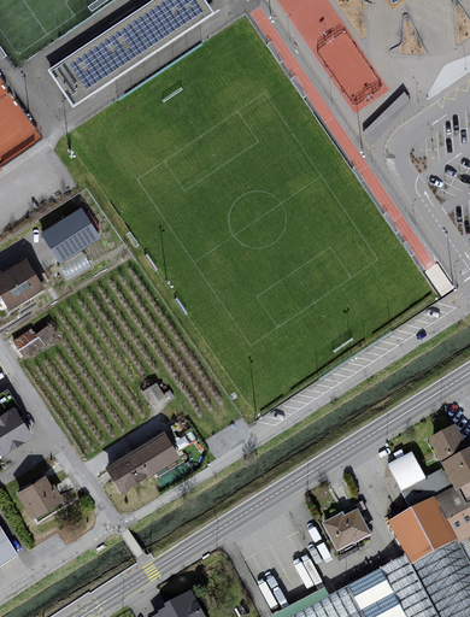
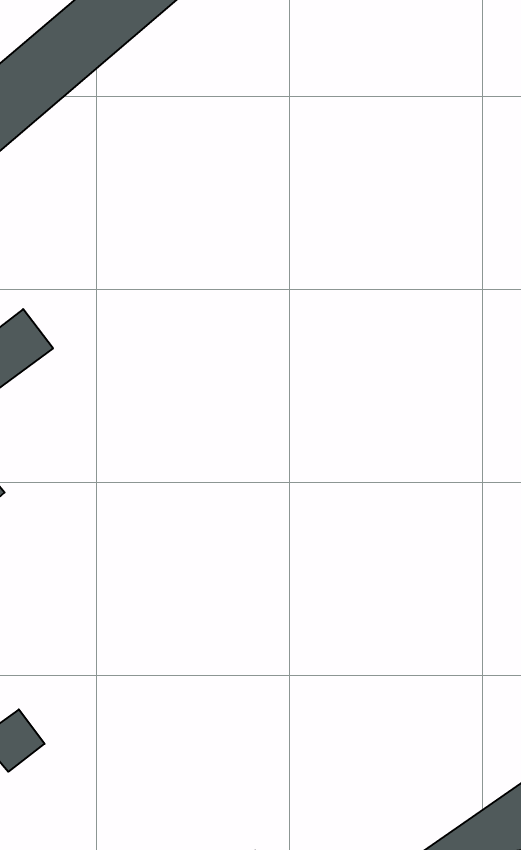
building: [105,433,178,494] -> none
building: [322,513,368,556] -> none

